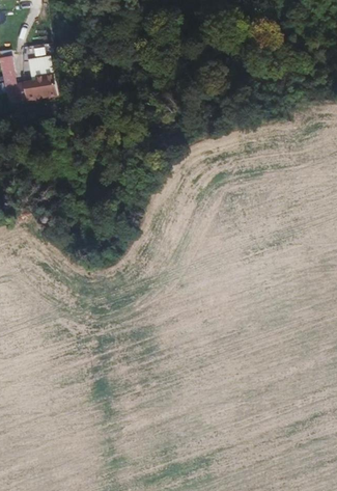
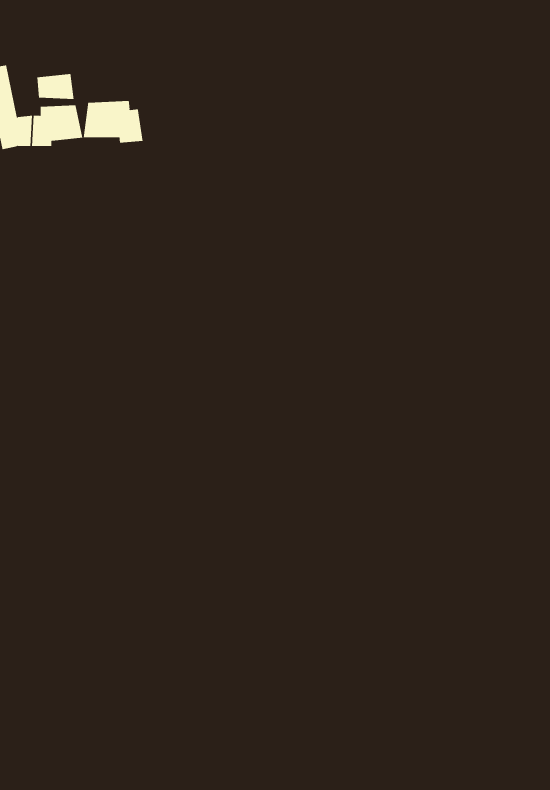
building: none -> [83,100,143,144]

